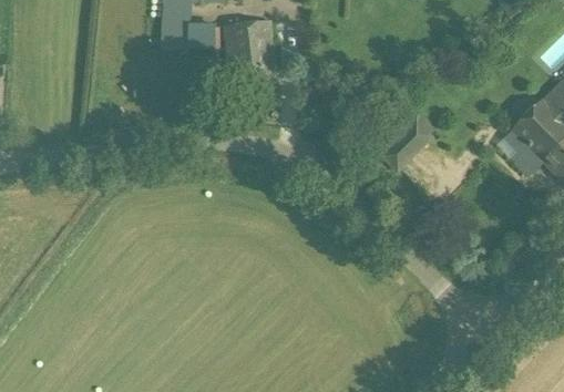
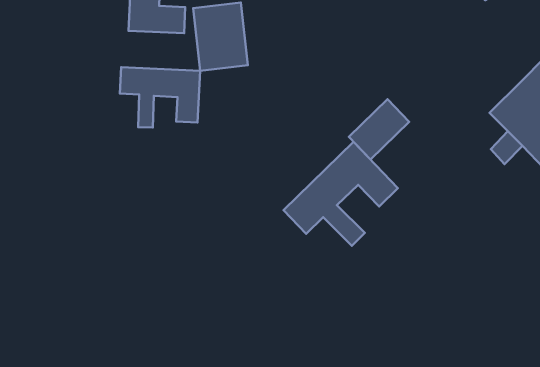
building: none -> [120,67,200,128]
building: none -> [283,142,398,246]

